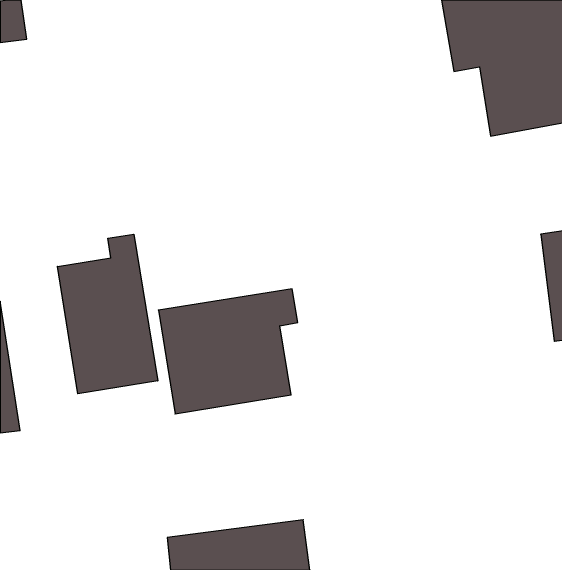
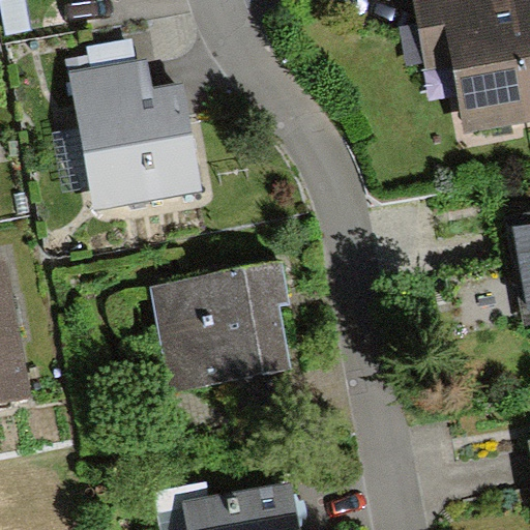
building: none -> [77,61,198,206]
building: [57,234,158,394] -> none

